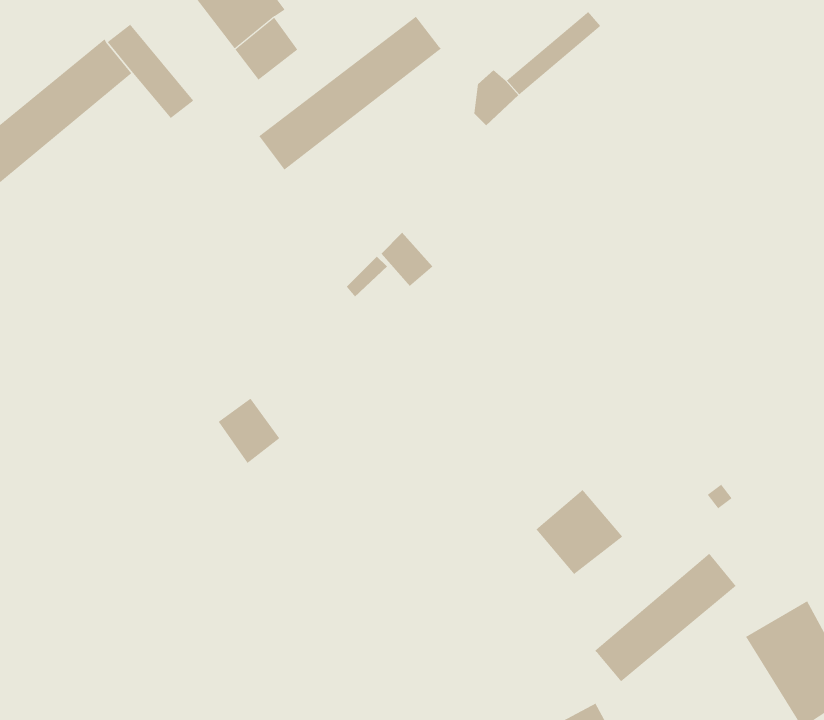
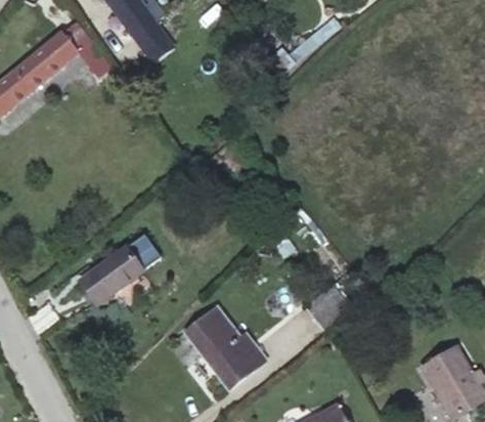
building: [259,16,442,170] -> none
building: none -> [83,247,142,303]
building: none -> [183,306,267,389]
building: [594,553,737,682] -> none

